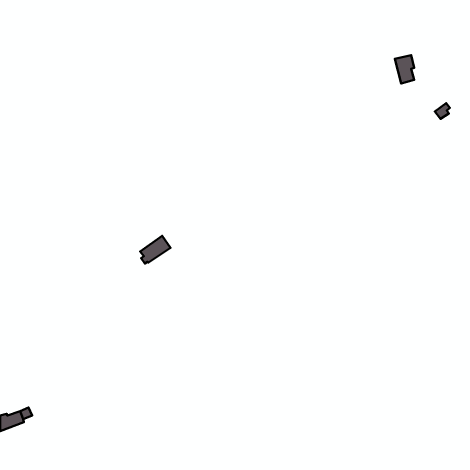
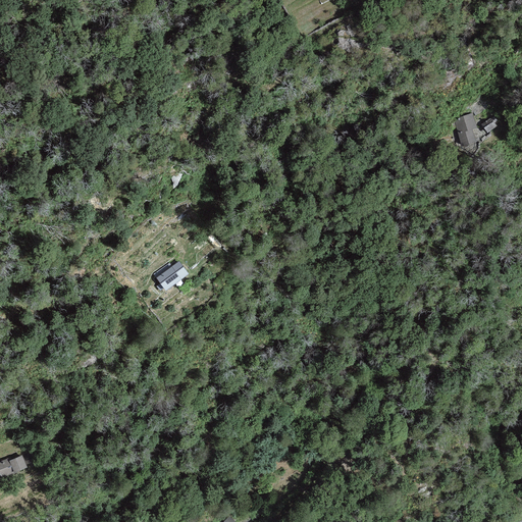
building: [395,55,414,84] -> [455,114,476,146]

